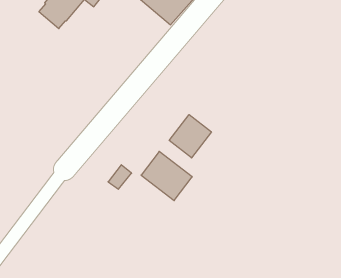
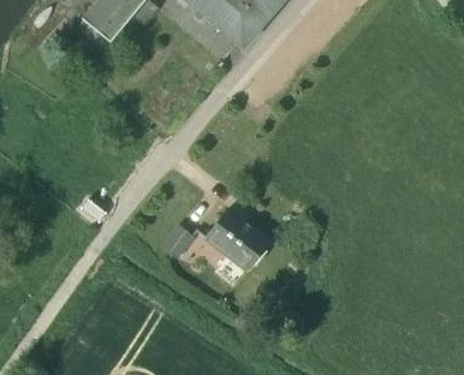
building: [169,115,211,158] -> none

